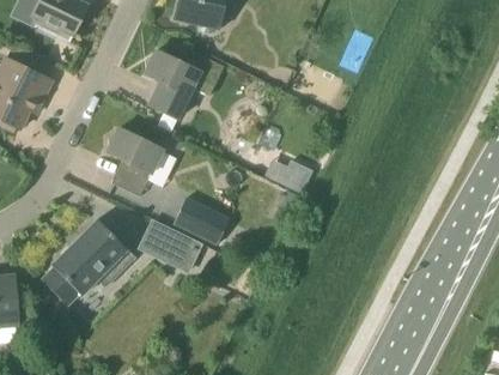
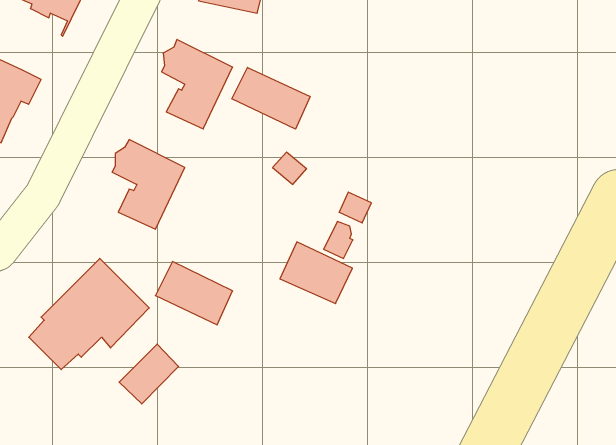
building: none -> [232,67,310,129]
building: [174,196,230,244] -> [280,242,352,304]
building: none -> [119,344,179,404]

